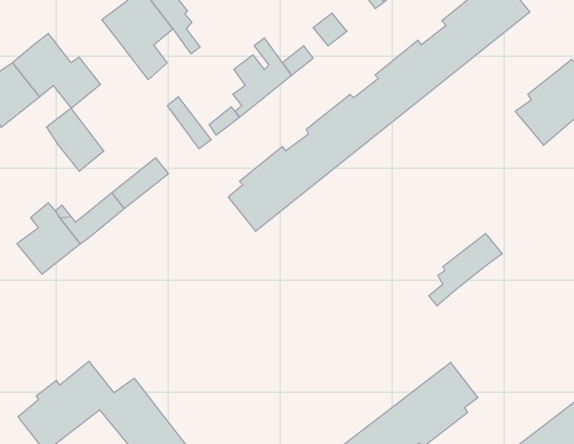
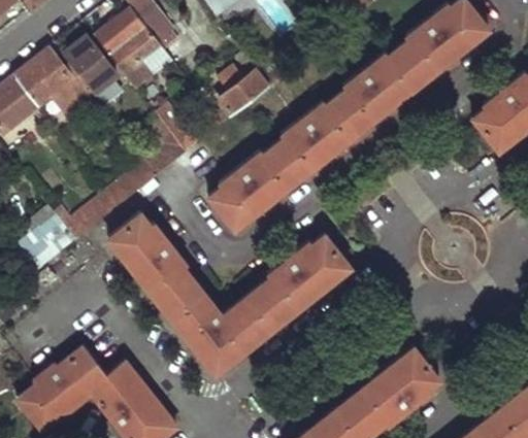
building: [46,108,104,171] -> [64,37,117,95]
building: none -> [110,215,348,372]
building: [429,233,502,306] -> none

